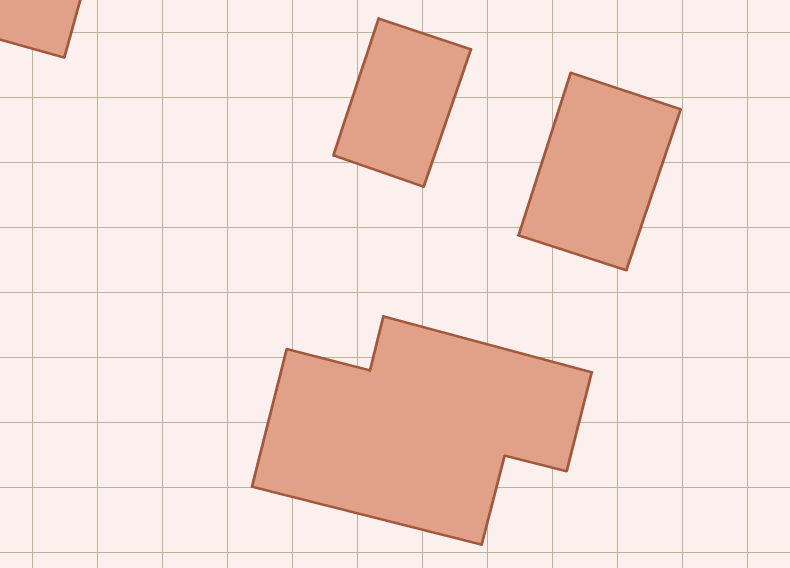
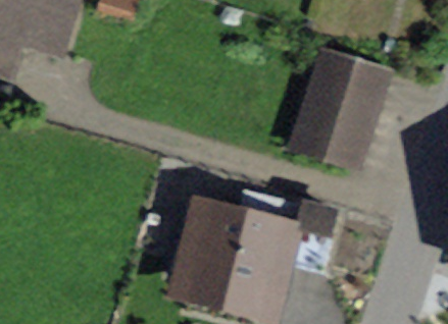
building: [334,18,471,187] -> none

